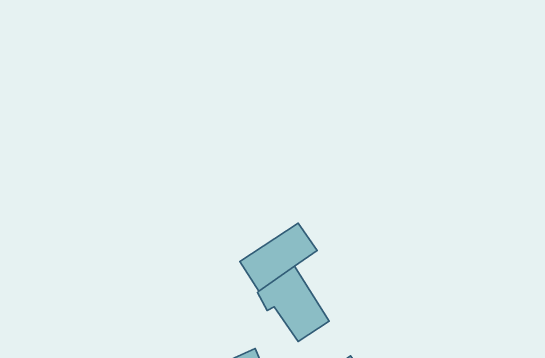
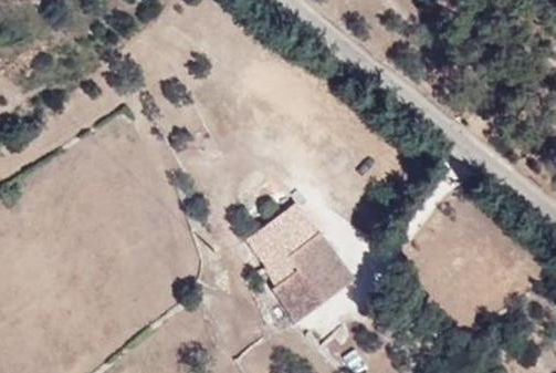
building: none -> [294,238,348,303]

